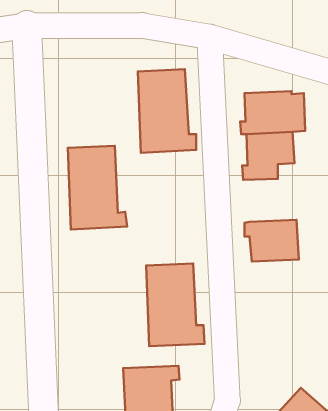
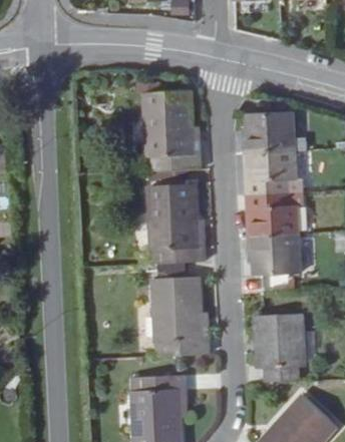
building: [68,146,127,229] -> [149,183,207,264]
building: none -> [247,195,298,237]
building: none -> [258,313,304,382]

